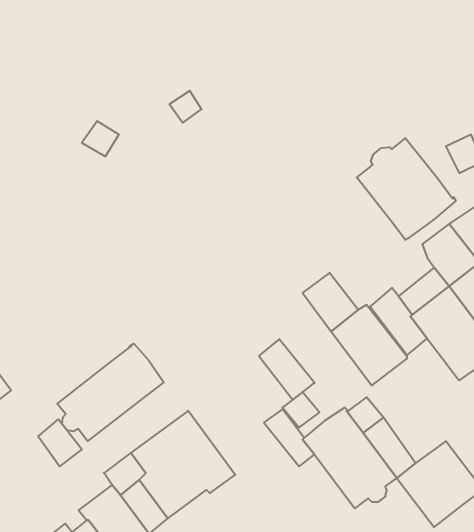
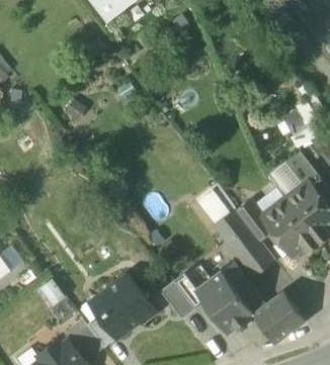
building: [357,138,456,240] -> none
building: [259,339,315,400] -> [161,281,194,317]
building: [57,344,164,441] -> none
building: none -> [238,242,275,278]

